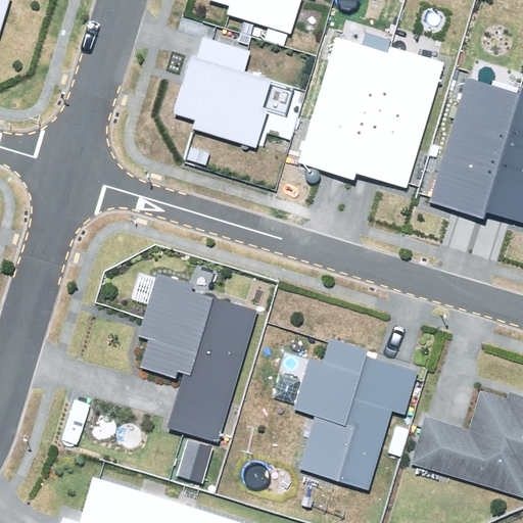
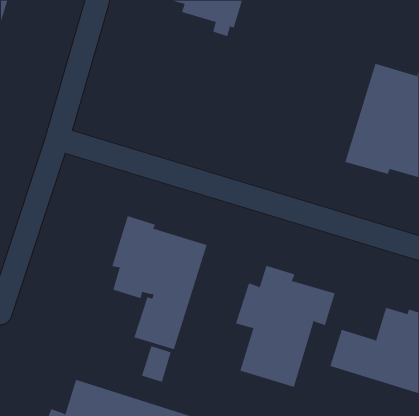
building: [297,39,444,191] -> none
building: [172,40,271,151] -> none

